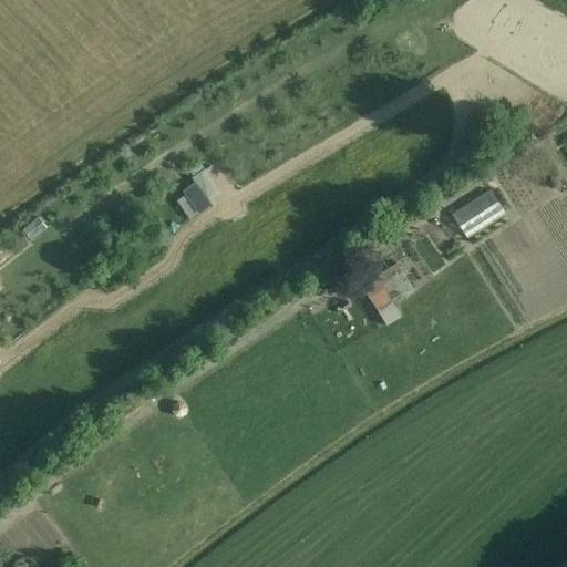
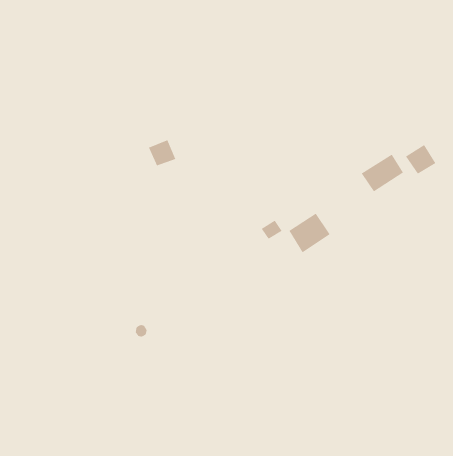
building: none -> [405,144,436,175]

